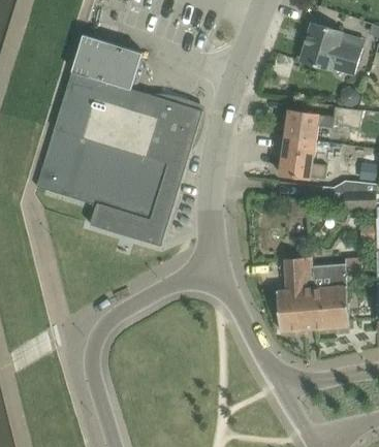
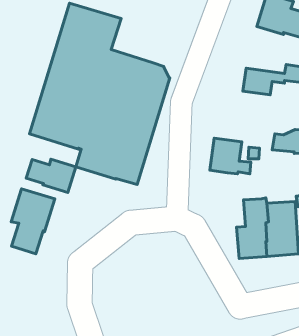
building: [279,136,326,178] -> [210,138,251,174]
building: none -> [26,159,76,192]
building: none -> [11,189,55,254]

